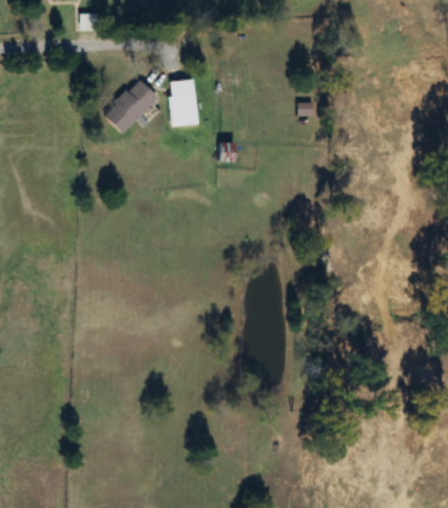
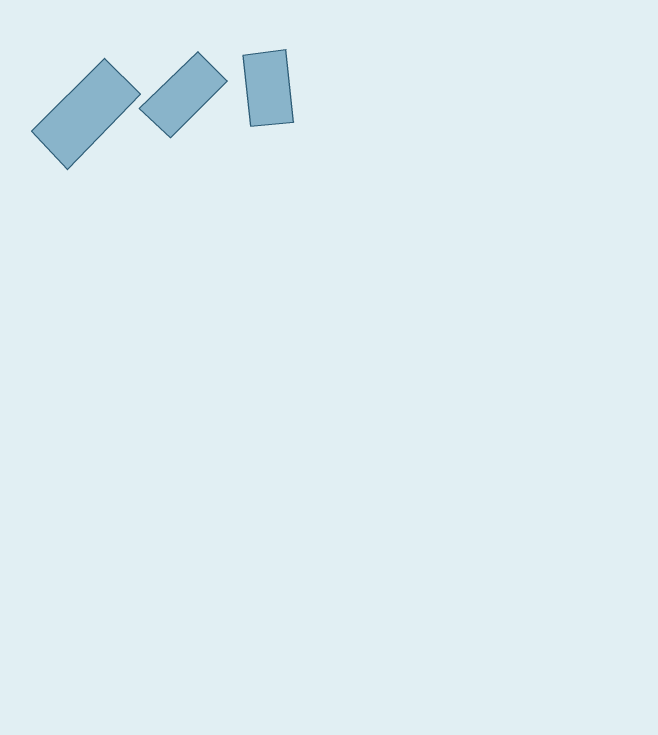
building: none -> [32,58,140,170]

